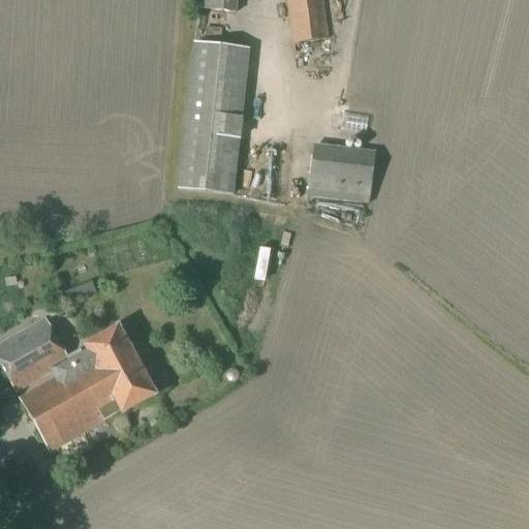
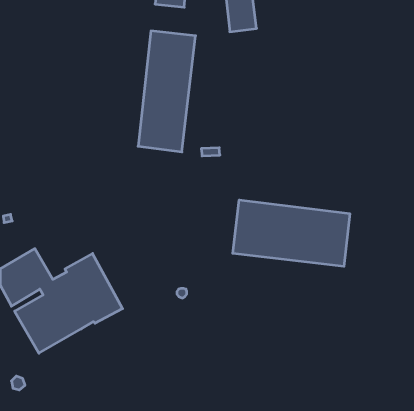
building: [308,146,375,199] -> none
building: none -> [233,200,350,266]

